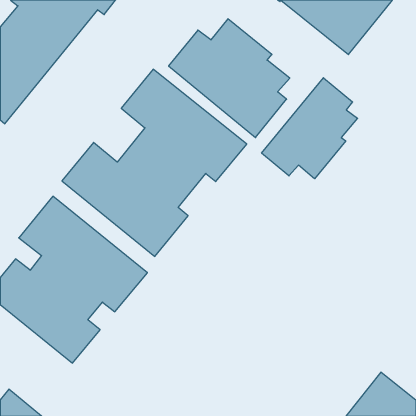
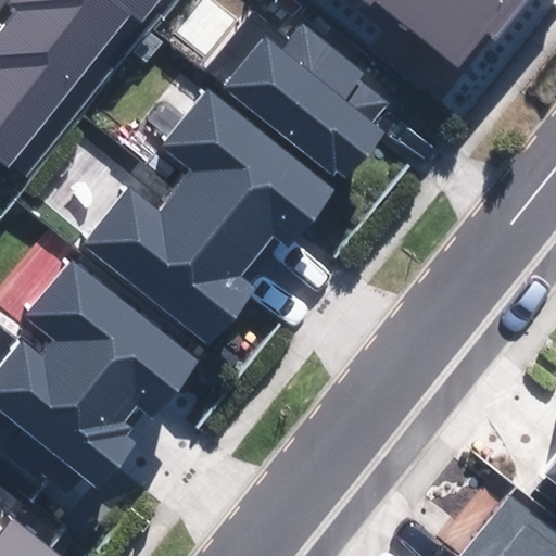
building: [262,78,358,179] -> none

